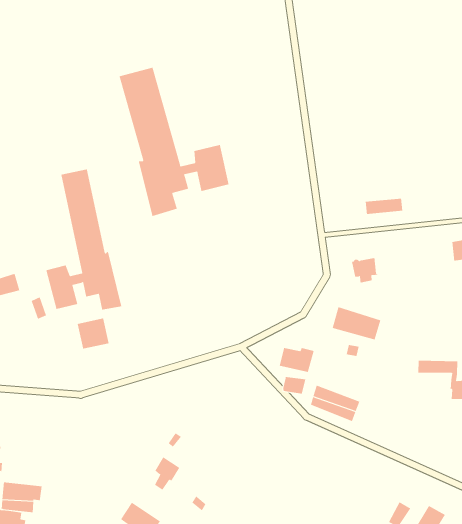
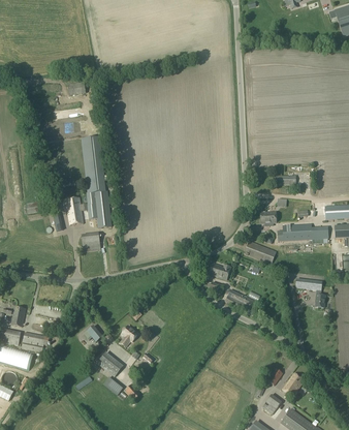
building: [119,67,229,217] -> none
building: none -> [278,223,312,241]

